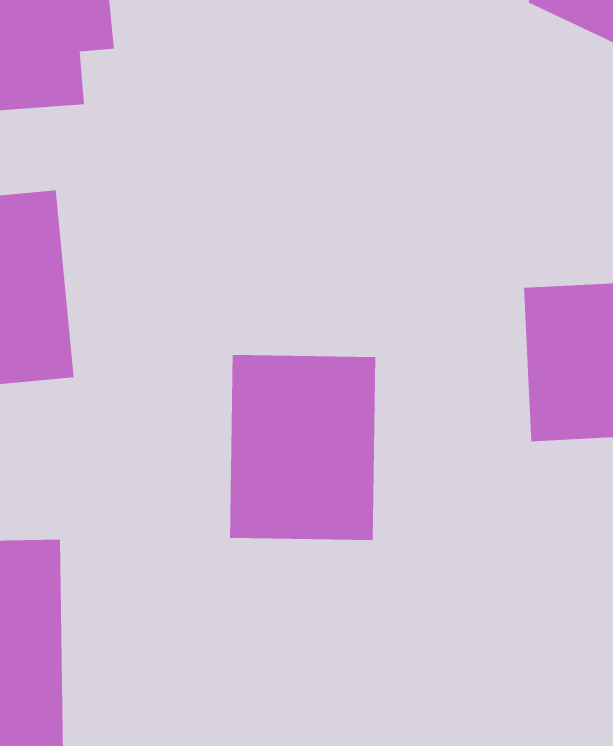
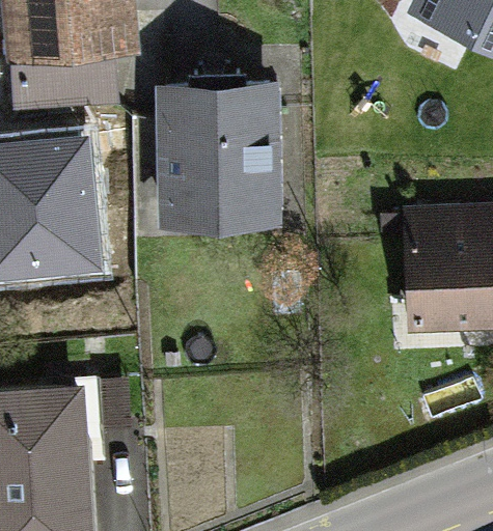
building: none -> [158,88,279,219]
building: [229,354,376,541] -> none

